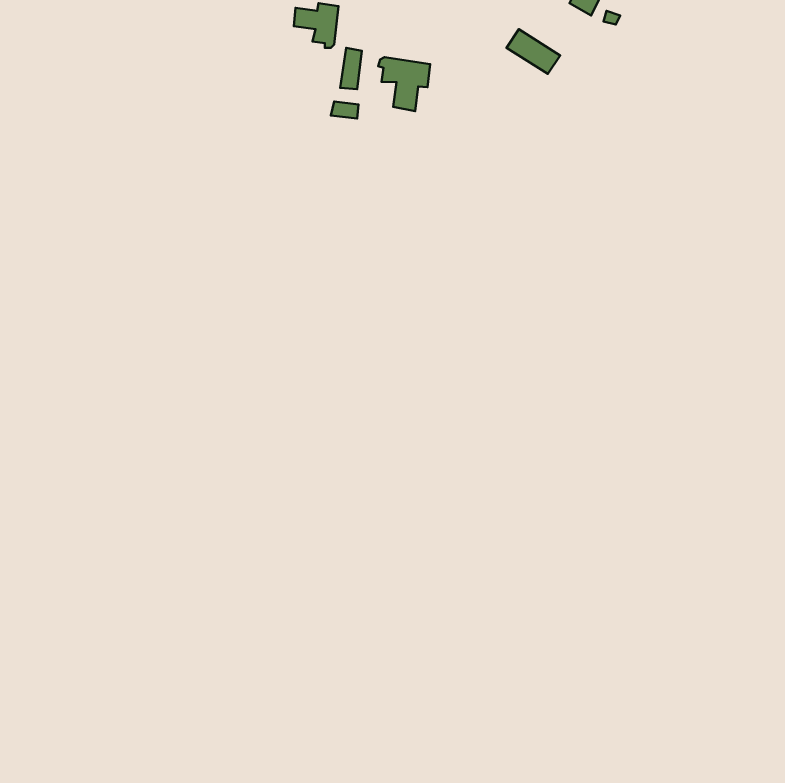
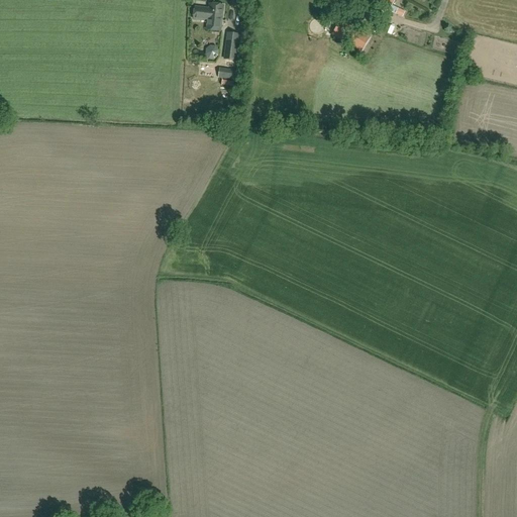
building: [378,57,430,111] -> none

